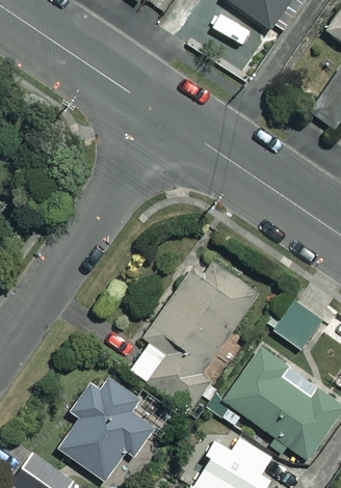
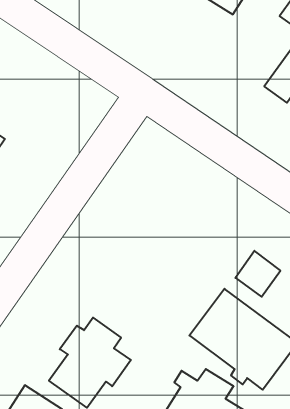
building: [127,260,251,407] -> none

